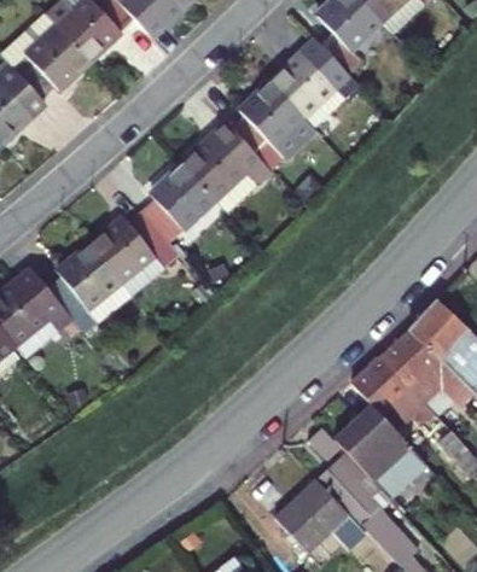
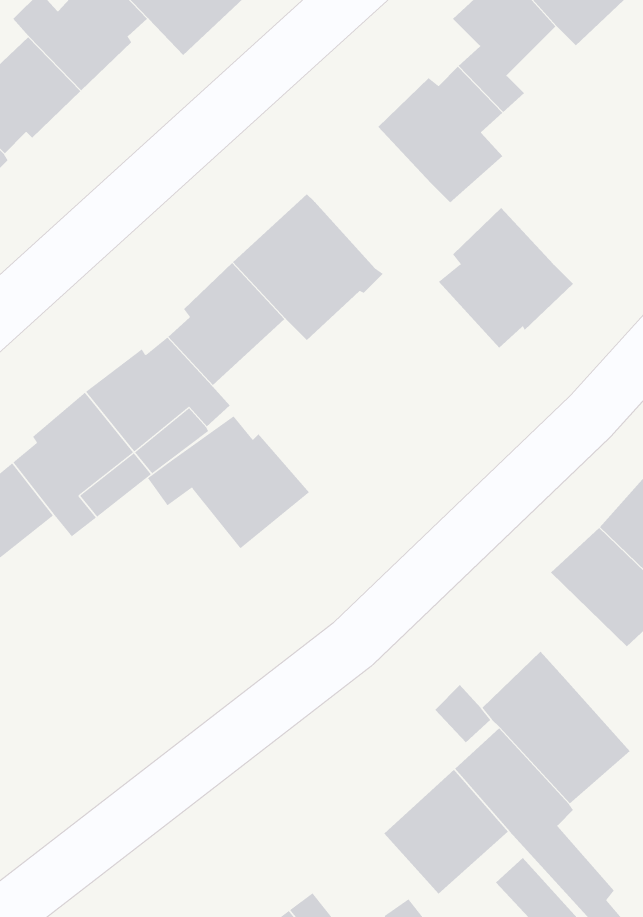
building: [232,82,315,169] -> [438,207,574,349]
building: none -> [147,415,310,549]
building: [349,356,424,419] -> none

